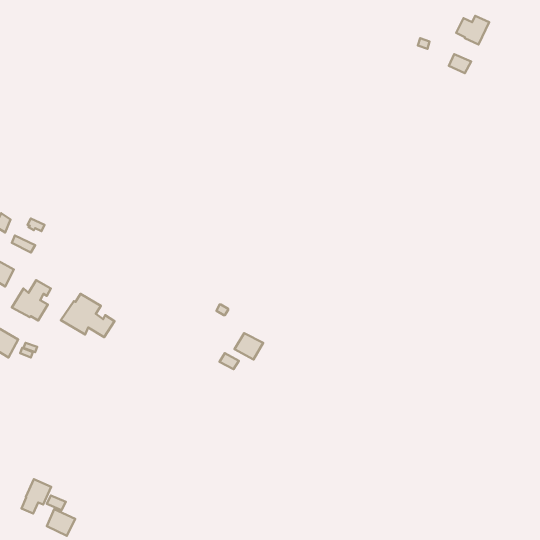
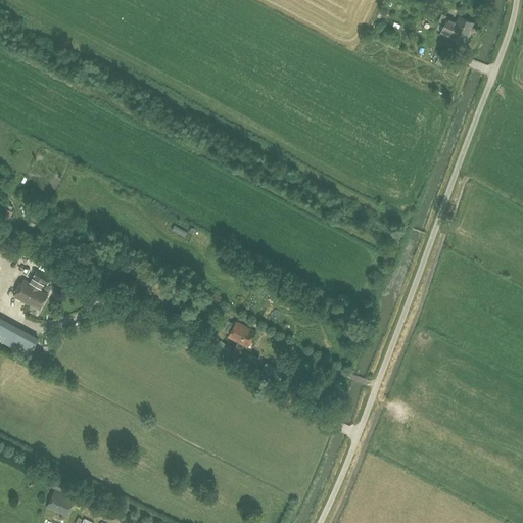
building: [61,294,114,337] -> none
building: [21,479,51,513] -> none

